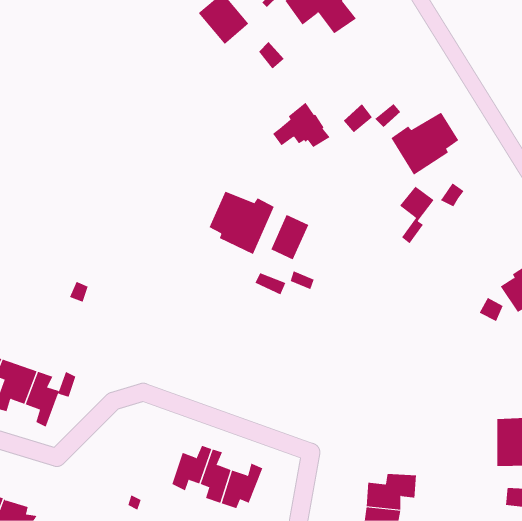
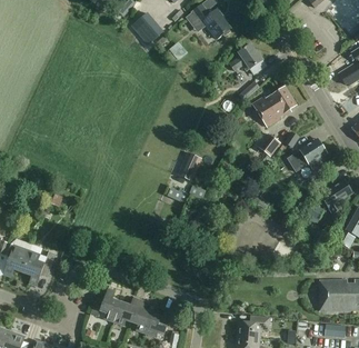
building: [272,102,330,148] -> [229,43,266,72]
building: [209,191,275,255] -> none
building: none -> [287,138,327,172]
building: none -> [91,288,121,321]

